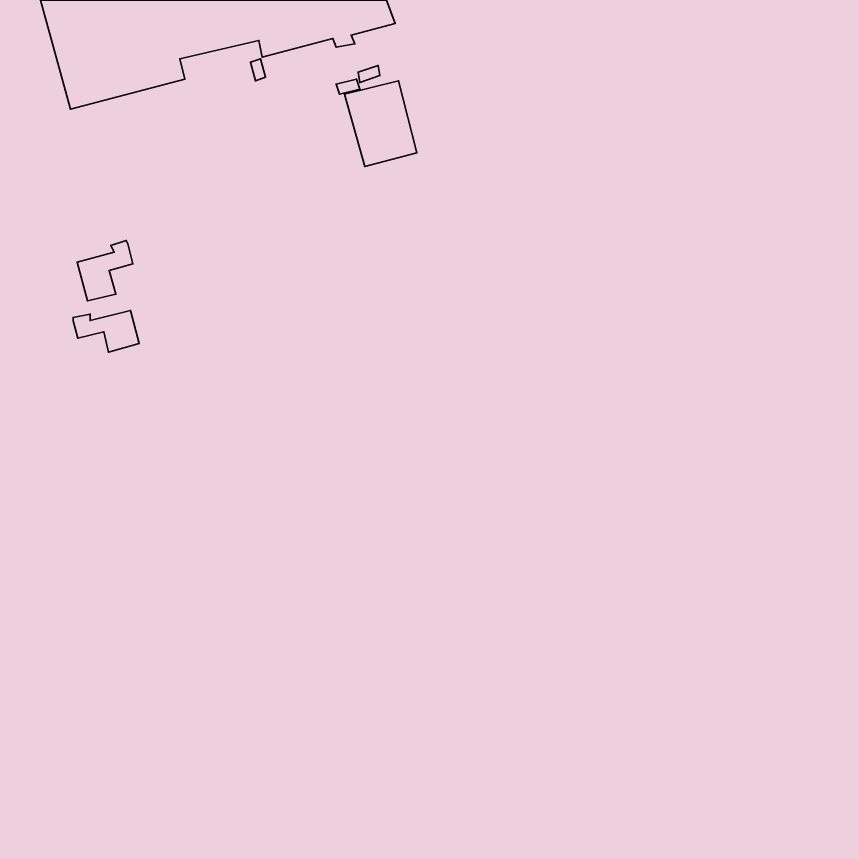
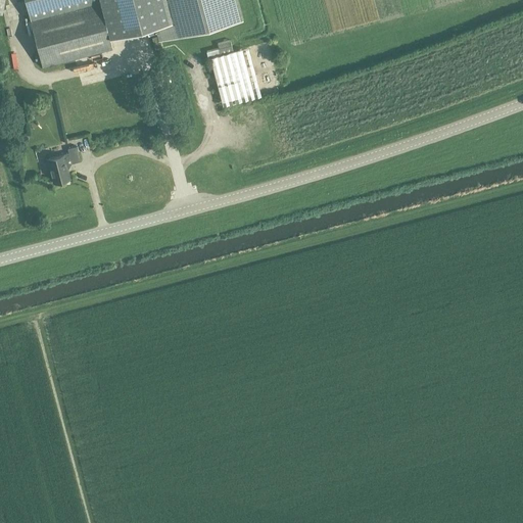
building: [73,310,139,352] -> none

